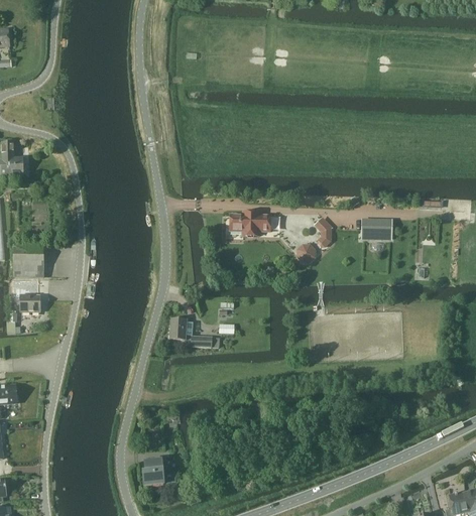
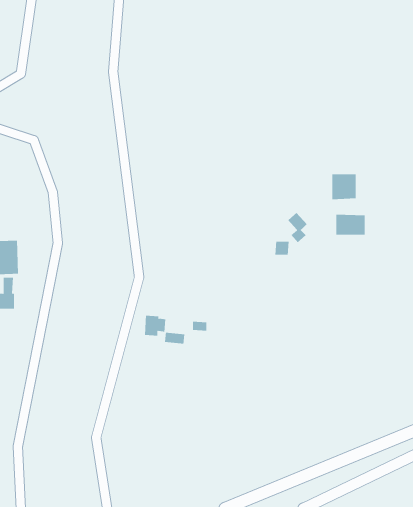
building: none -> [332,173,356,200]
building: [230,212,270,236] -> none
building: [142,460,175,486] -> none

